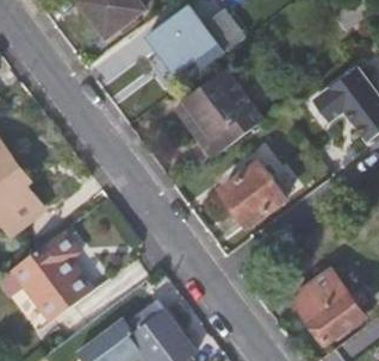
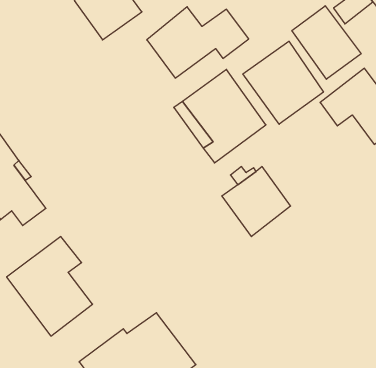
building: none -> [292,6,361,79]
building: none -> [243,41,323,124]
building: [292,269,364,341] -> none

